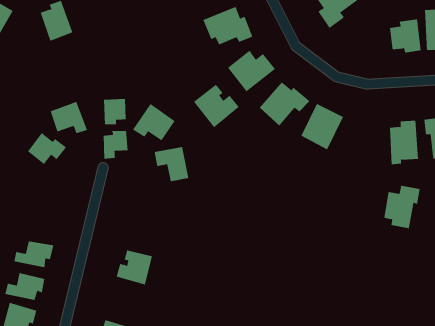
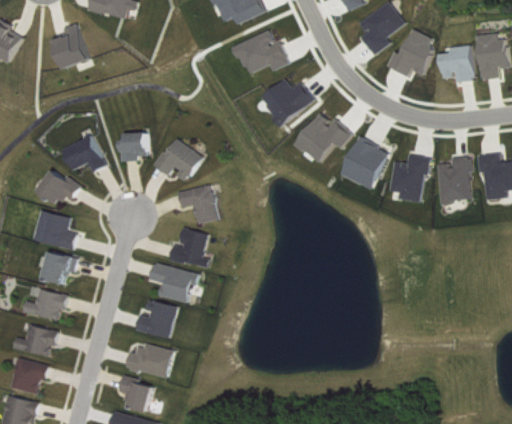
building: none -> [386,29,436,75]
building: [193,84,239,128] -> none
building: [103,130,128,159] -> none
building: none -> [33,210,78,249]
building: [383,185,420,229] -> [389,154,430,202]
building: none -> [170,228,209,268]
building: none -> [43,251,77,283]
building: none -> [149,262,198,302]
building: none -> [126,342,174,378]

